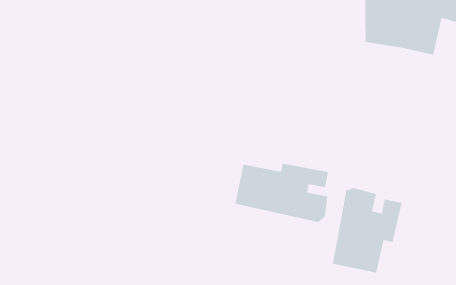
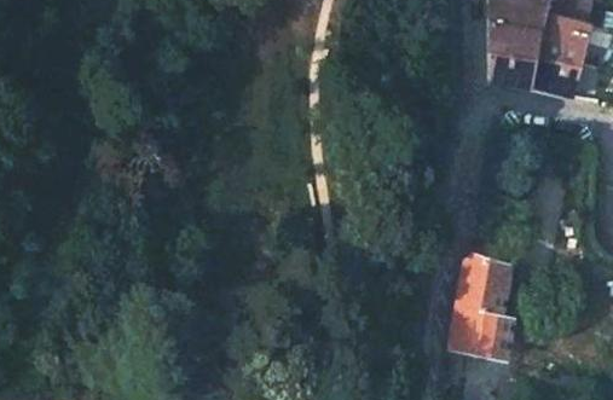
building: [235,163,328,223] -> none

